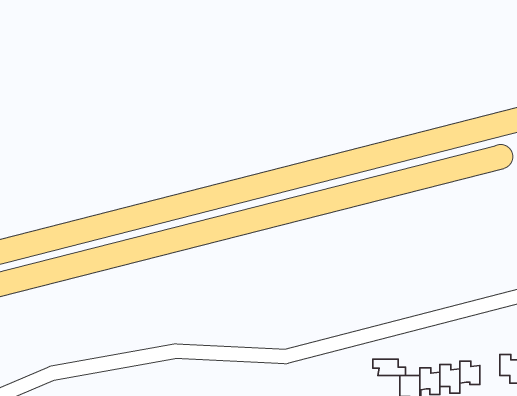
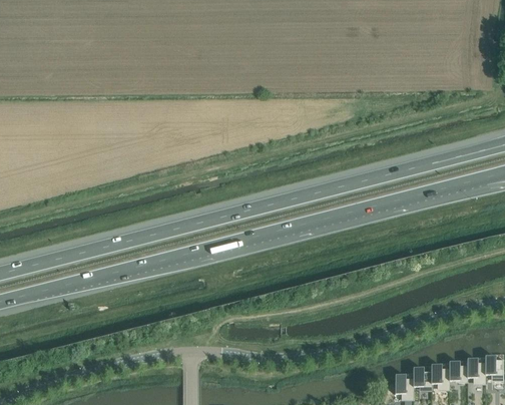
building: none -> [467,359,485,385]
building: [373,359,406,376] -> none

